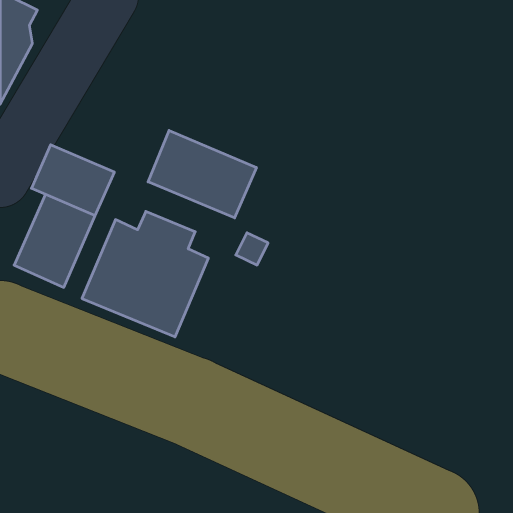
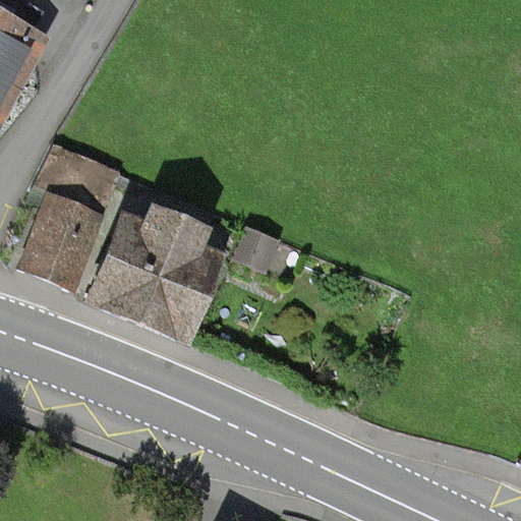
building: [148,130,256,218] -> none

